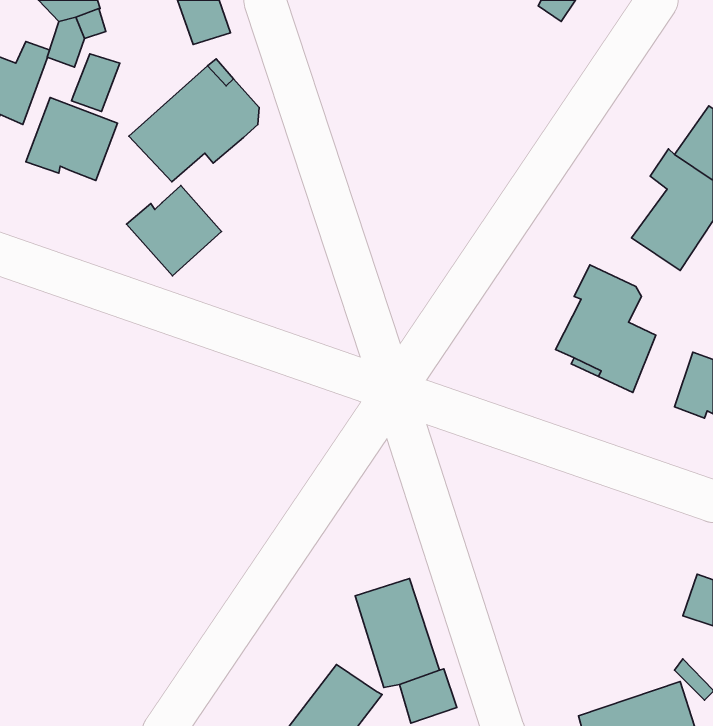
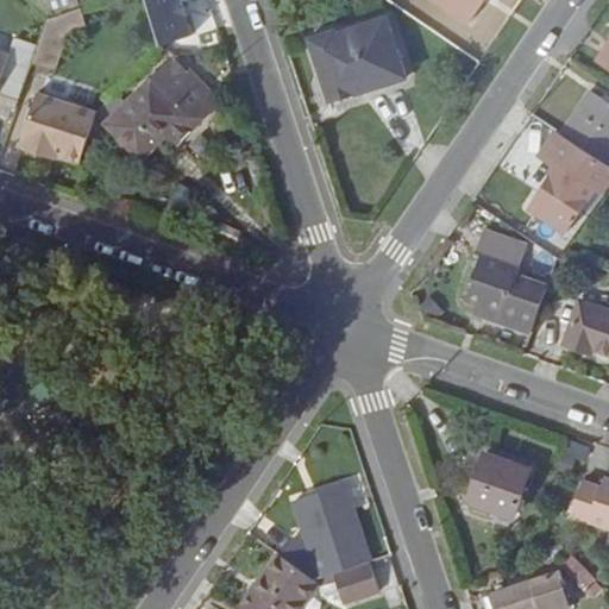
building: none -> [308,20,406,105]
building: [72,54,120,112] -> none
building: [126,186,222,276] -> none
building: none -> [462,457,527,523]

